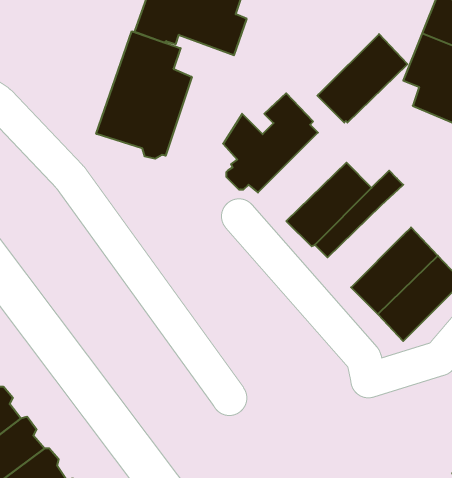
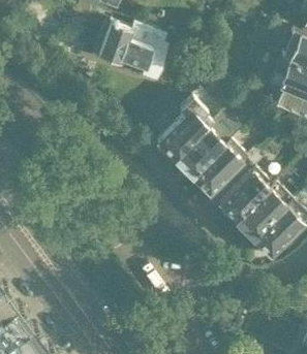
building: [96,31,192,159] -> none
building: [317,34,407,123] -> [172,123,231,181]
building: none -> [216,170,268,224]

